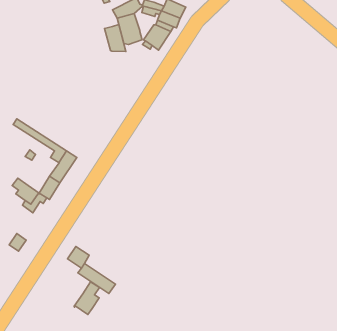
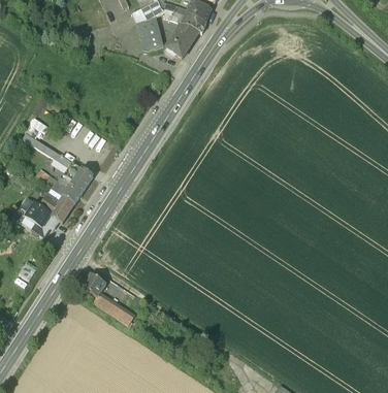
building: [104,25,126,51] -> none
building: [74,282,100,315] -> none

